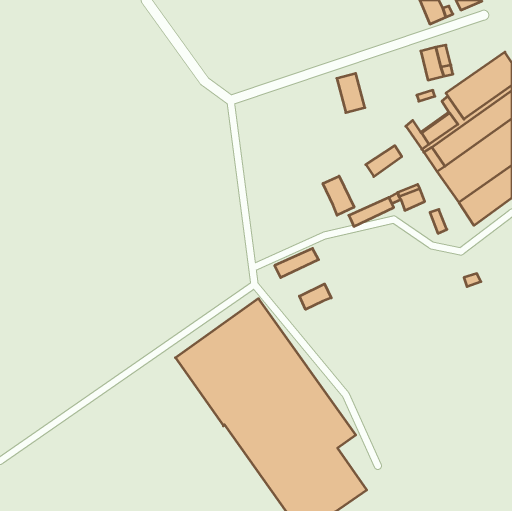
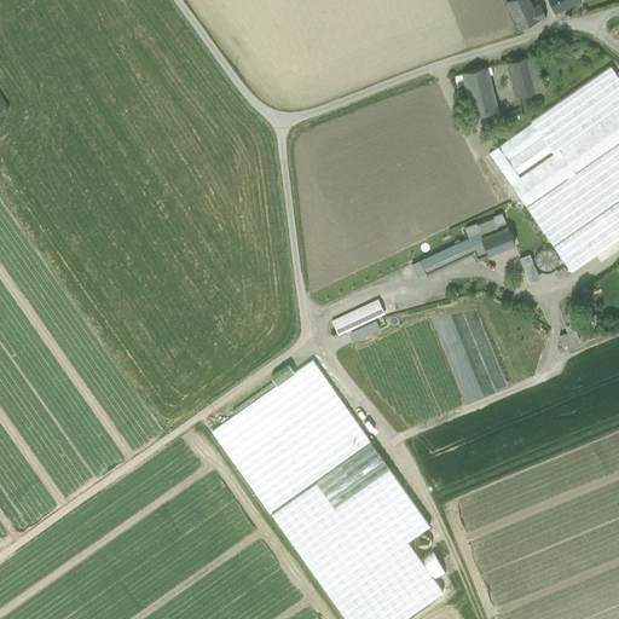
building: [337,73,365,113] -> [463,69,497,116]
building: [366,146,402,177] -> [498,123,542,161]
building: [323,176,354,215] -> none
building: [299,284,331,309] -> none

